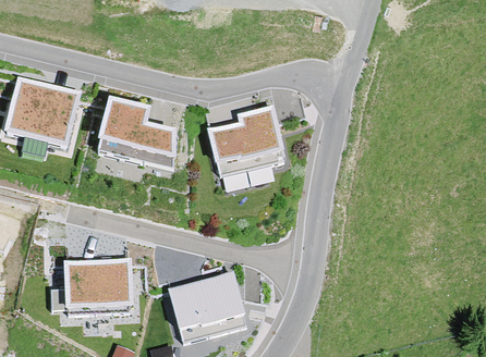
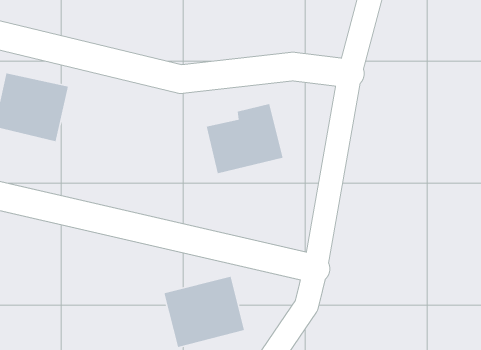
building: [97,101,172,171] -> none
building: [64,261,131,315] -> none

